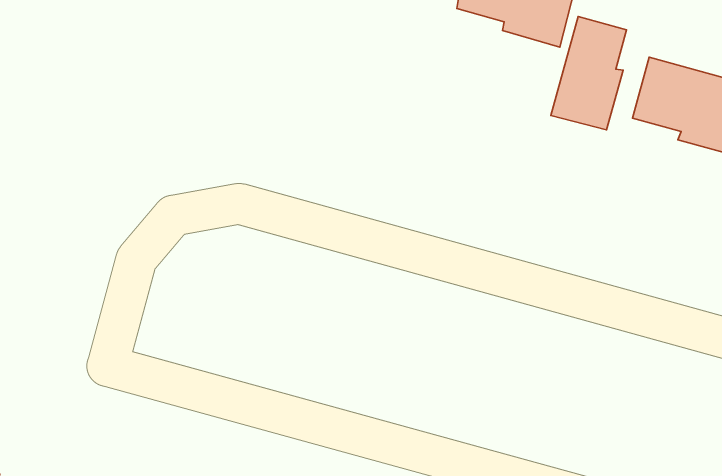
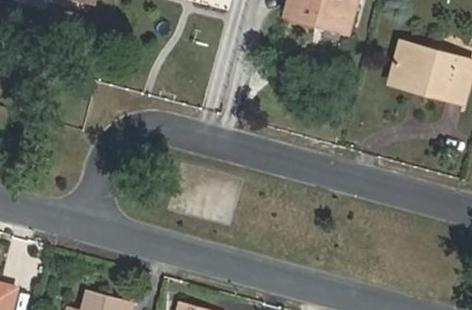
building: [551,17,627,130] -> none

